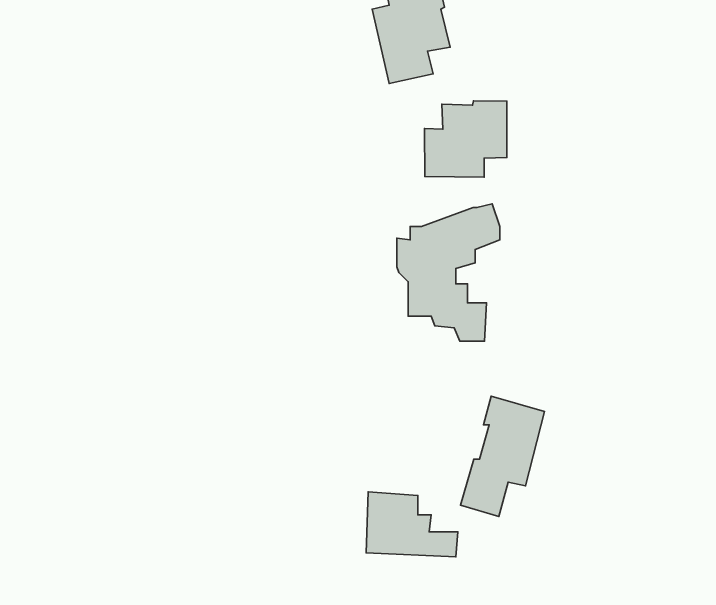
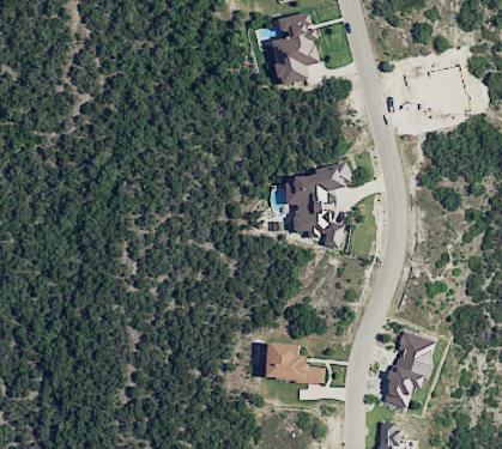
building: [425,101,507,177] -> none
building: [461,396,544,516] -> [382,332,435,407]

